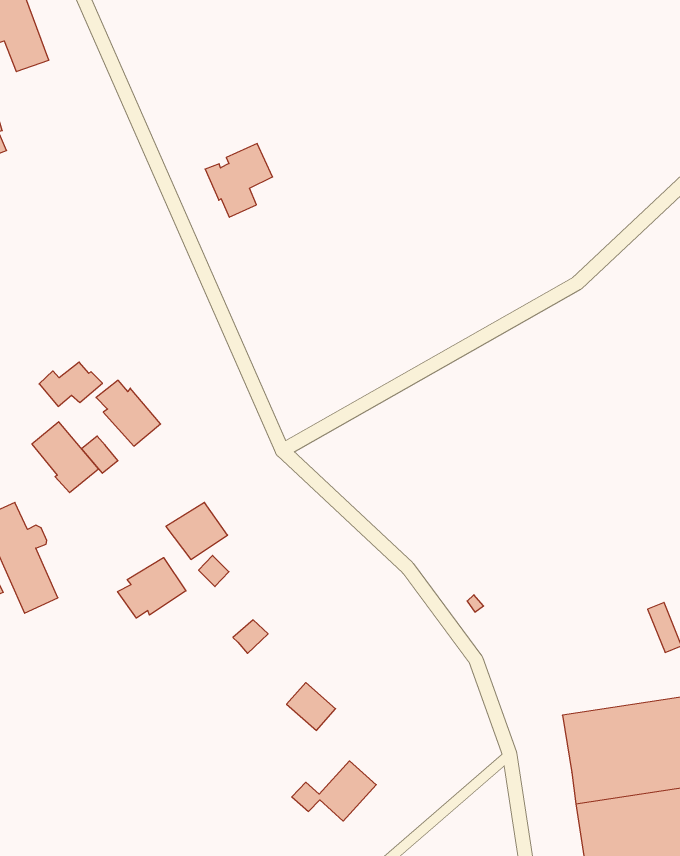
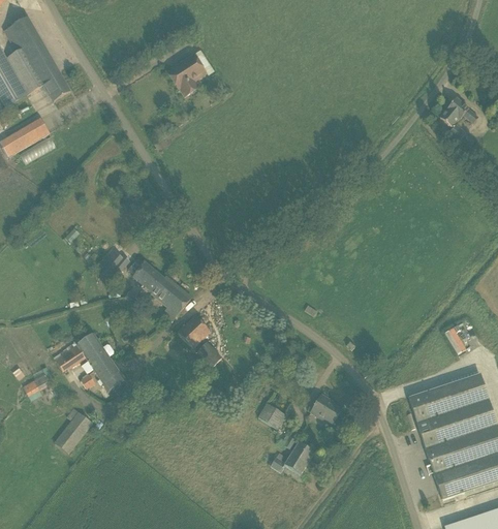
building: [205,144,273,217] -> [167,54,205,96]
building: [32,422,99,493] -> [152,277,190,314]
building: [118,558,186,618] -> none
building: none -> [310,394,341,423]

